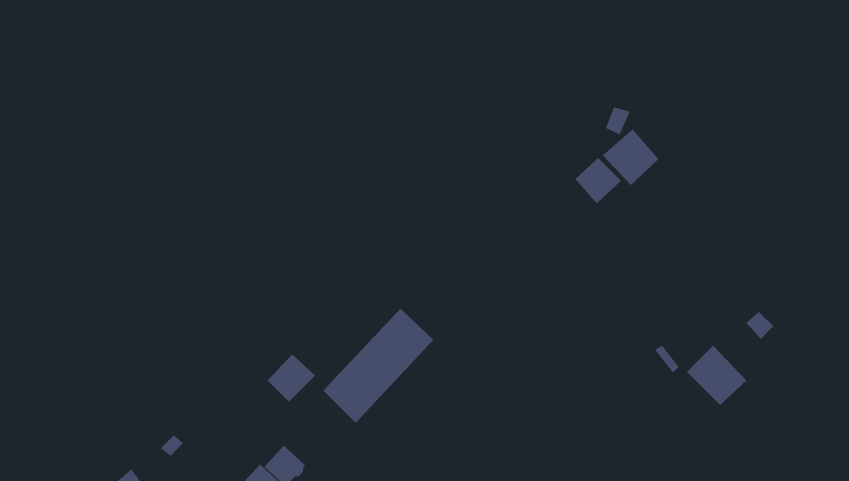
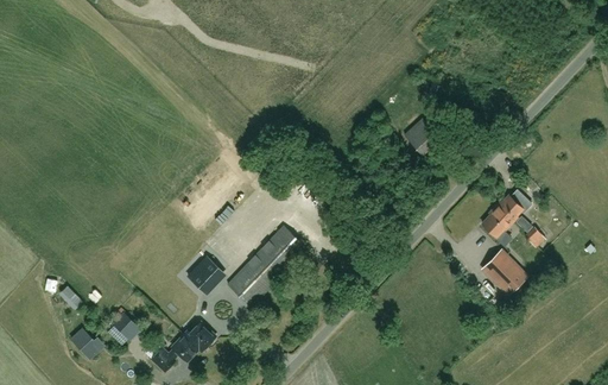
building: [602,128,659,186] -> none
building: none -> [481,195,521,236]

